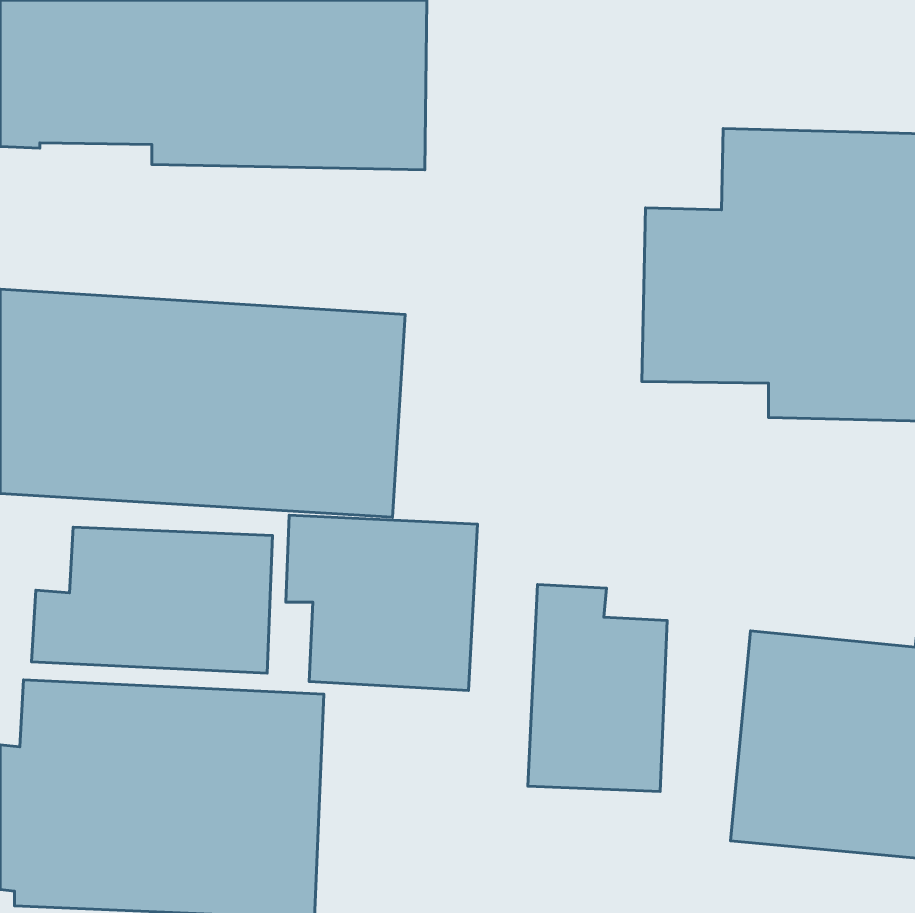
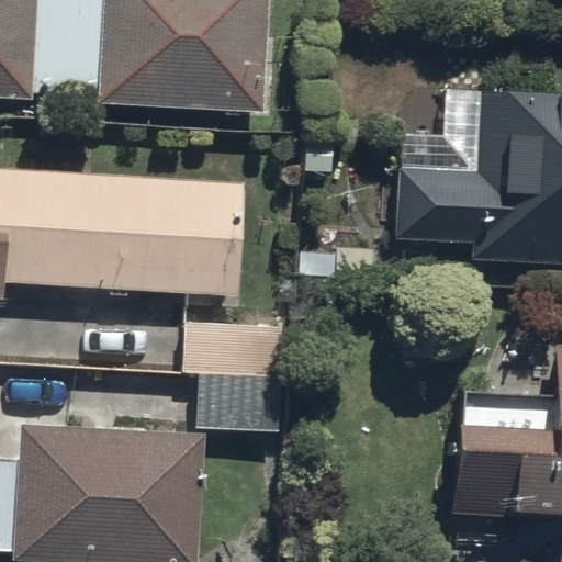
building: [32,527,273,673] -> none
building: [528,584,667,792] -> none

